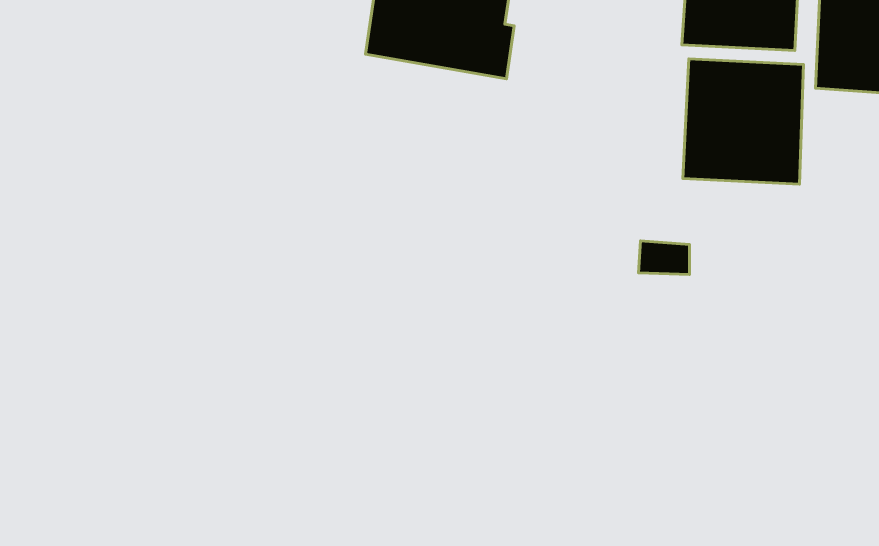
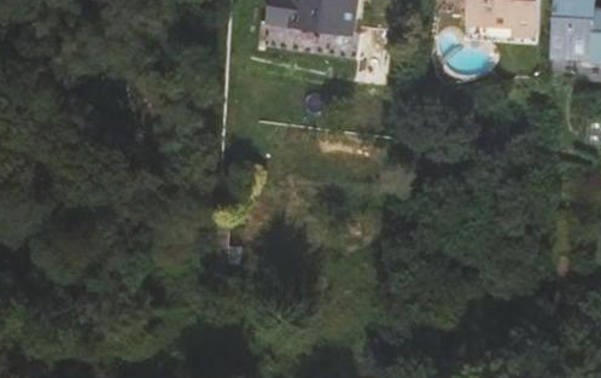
building: [683,59,804,184] -> none

